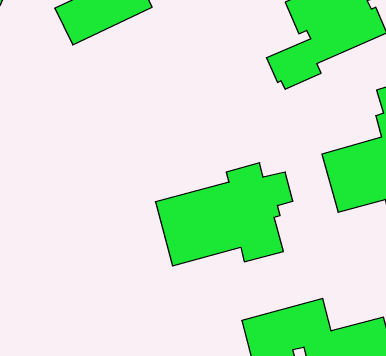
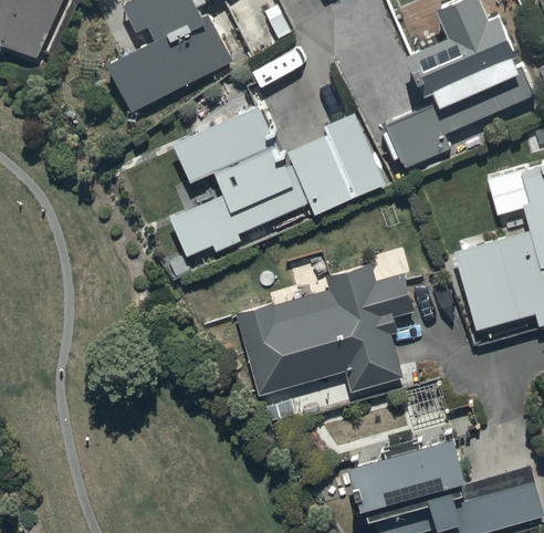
building: none -> [169,107,387,258]

